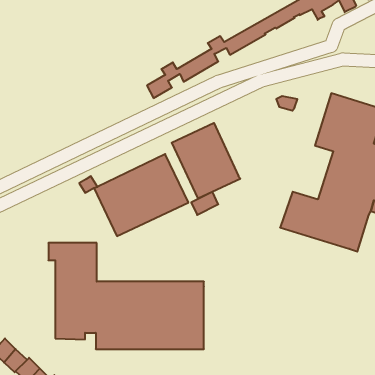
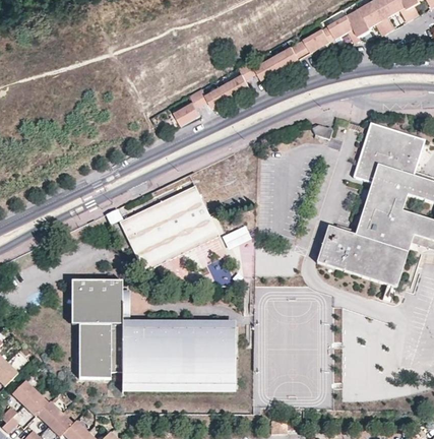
building: [172,123,240,198] -> none

